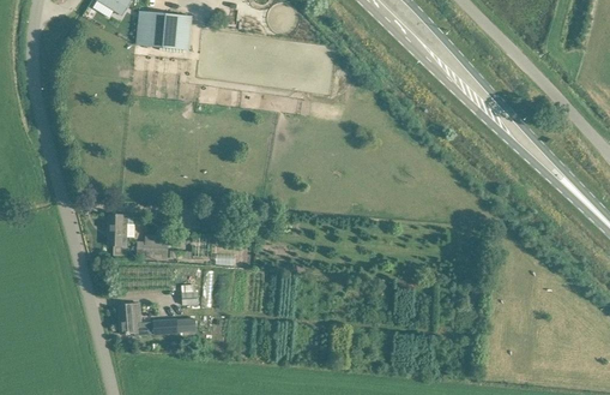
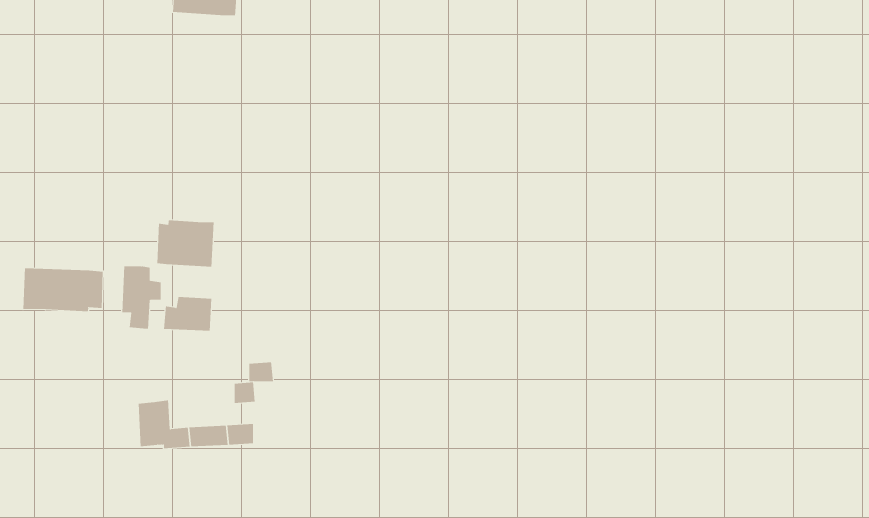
building: none -> [157,219,214,267]
building: none -> [23,267,103,312]

